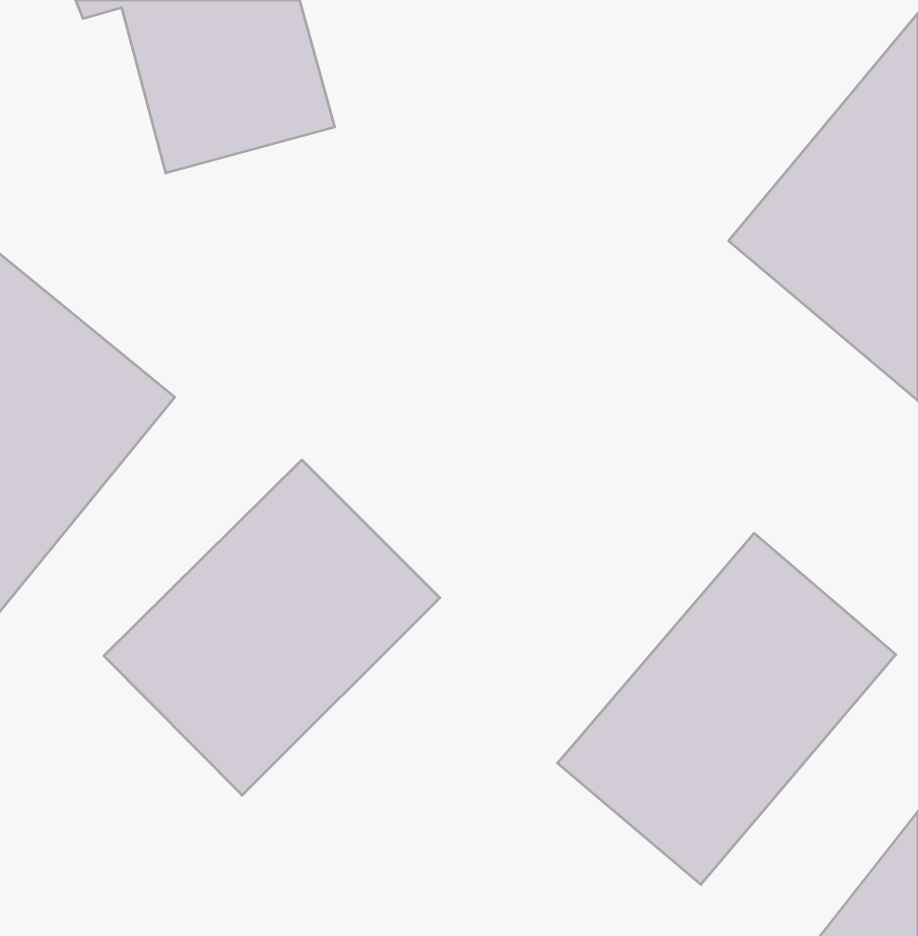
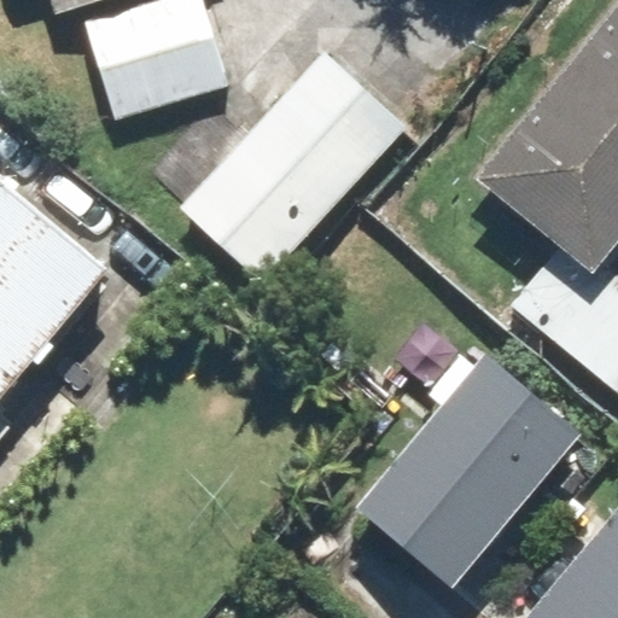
building: none -> [142,53,407,288]
building: [104,460,440,795] -> none

